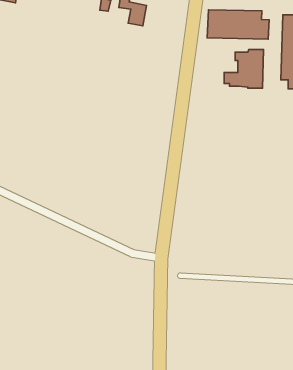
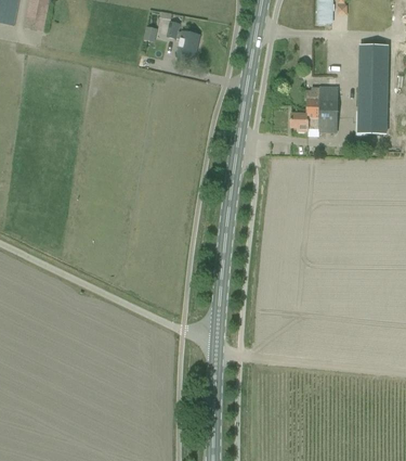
building: [207,10,269,39] -> none

